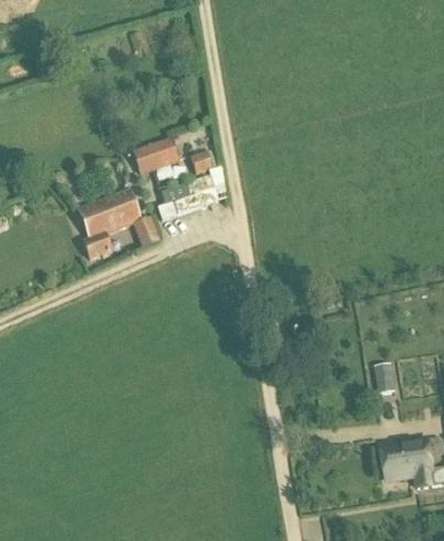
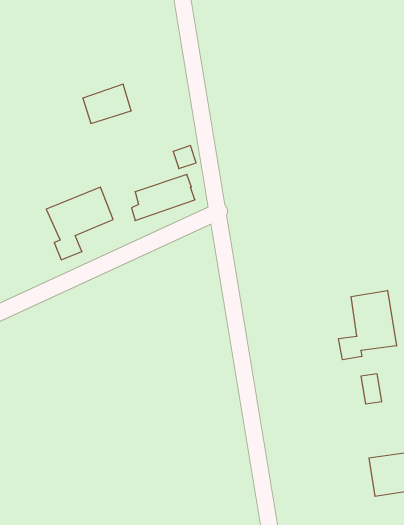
building: [132,136,178,173] -> [83,84,131,123]
building: none -> [339,290,396,360]

